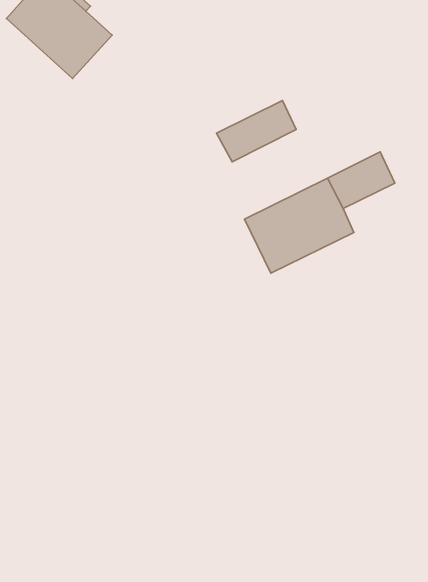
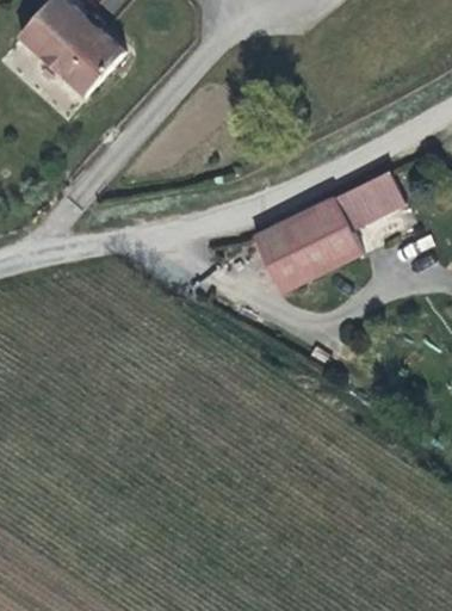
building: [216,101,296,162] -> none

